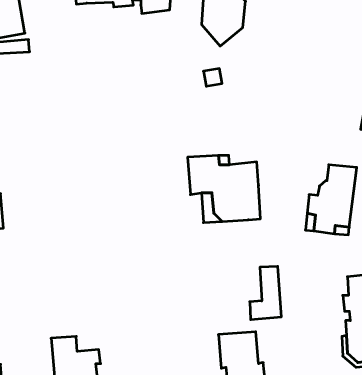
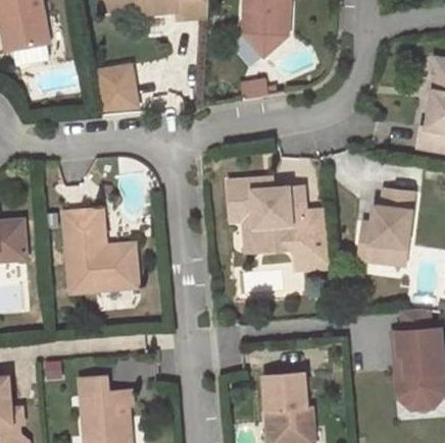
building: none -> [96,61,138,110]
building: none -> [64,207,139,291]
building: [250,266,281,320] -> [294,209,329,267]

